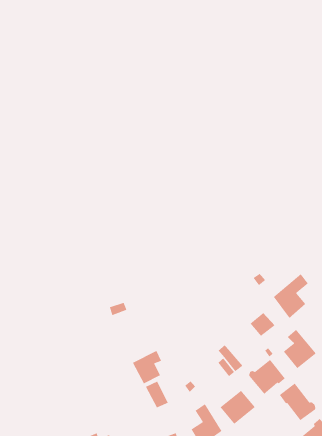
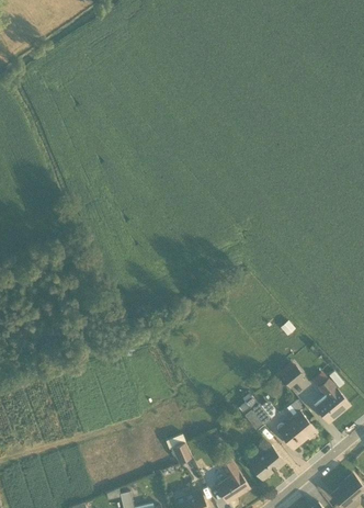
building: [273,273,309,319] -> none
building: [132,350,162,385] -> none
building: [279,382,316,421] -> none

